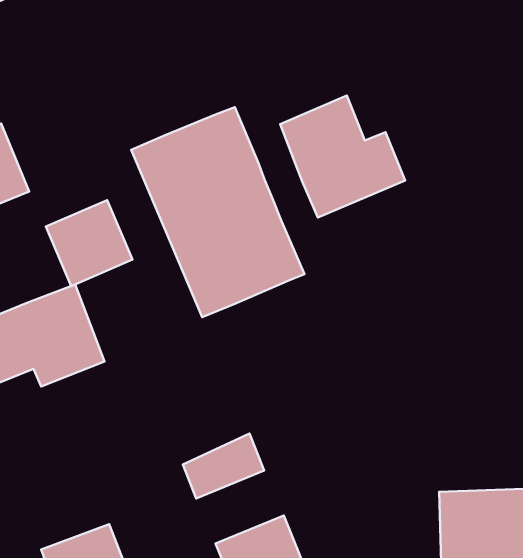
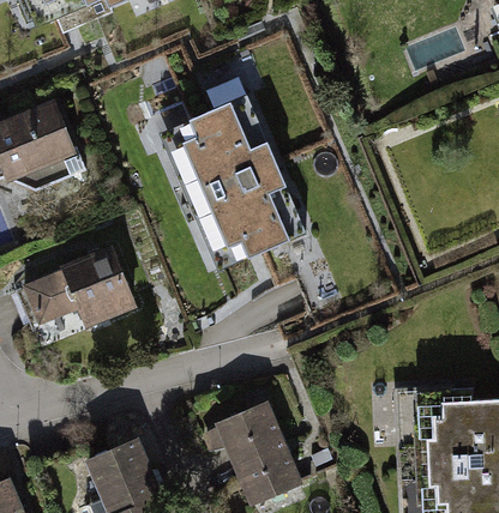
building: [280,96,405,218] -> none
building: [46,200,132,286] -> none
building: [183,433,264,499] -> [216,398,282,451]

